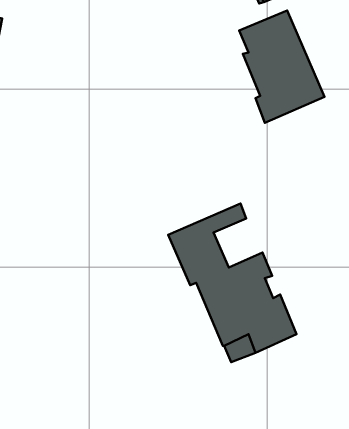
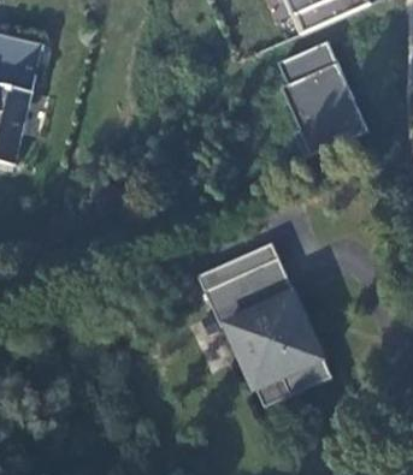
building: none -> [252,255,302,305]

